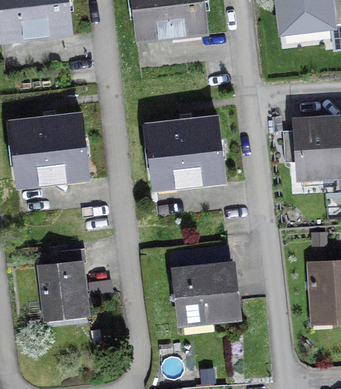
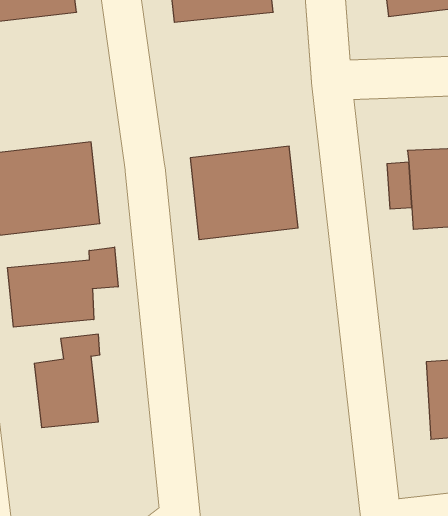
building: none -> [7,247,118,327]
building: [175,265,238,318] -> none

